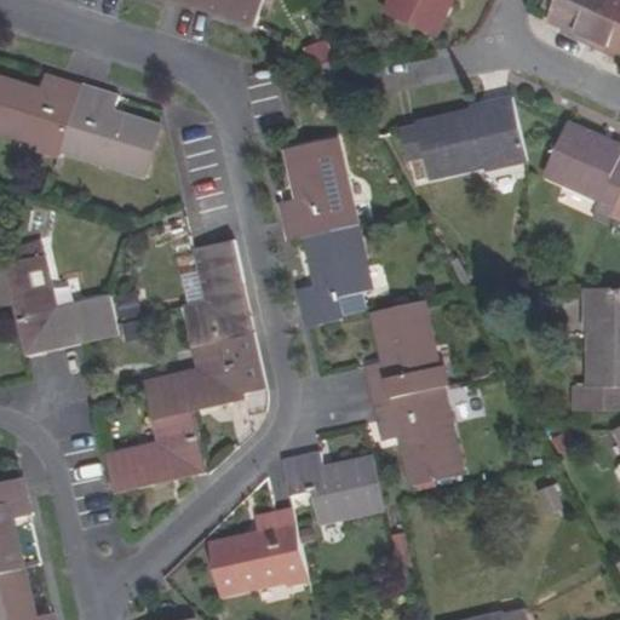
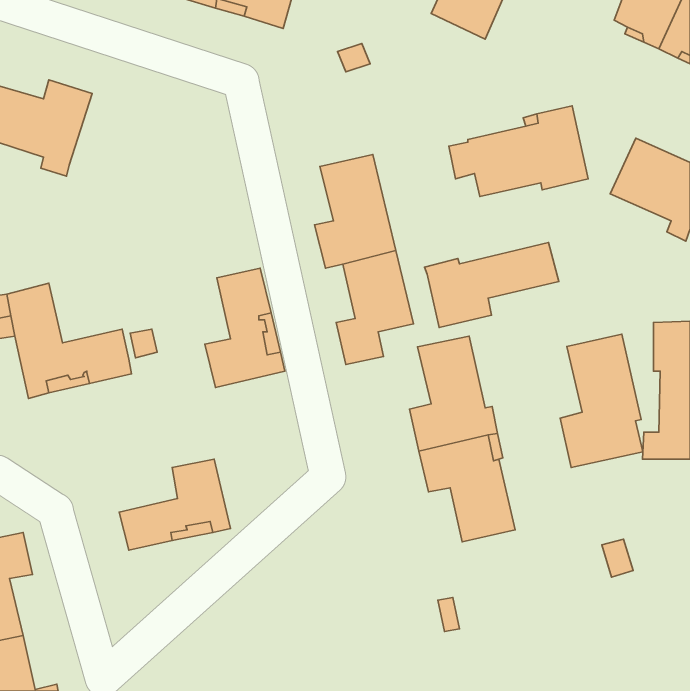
building: [62,84,160,174] -> none
building: none -> [425,242,559,328]
building: none -> [560,334,643,468]
building: [143,332,266,419] -> none
building: [282,452,384,521] -> none
building: [209,507,309,592] -> none

